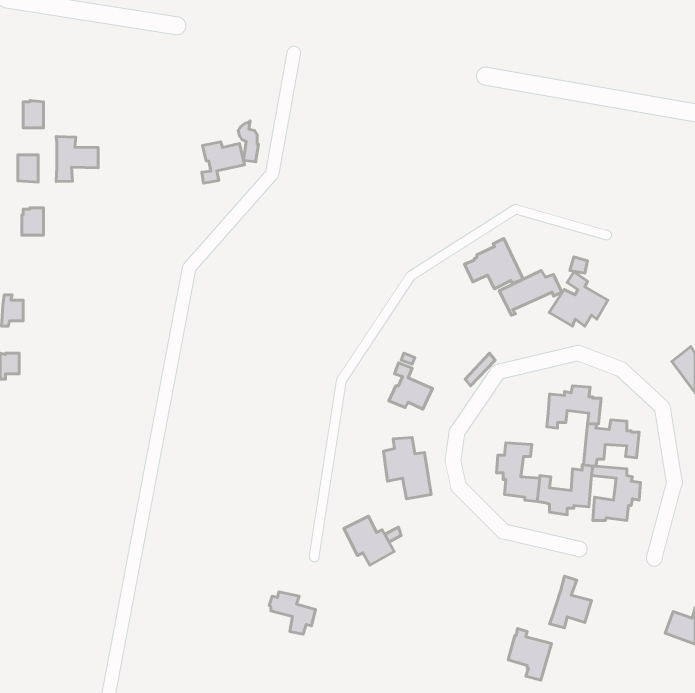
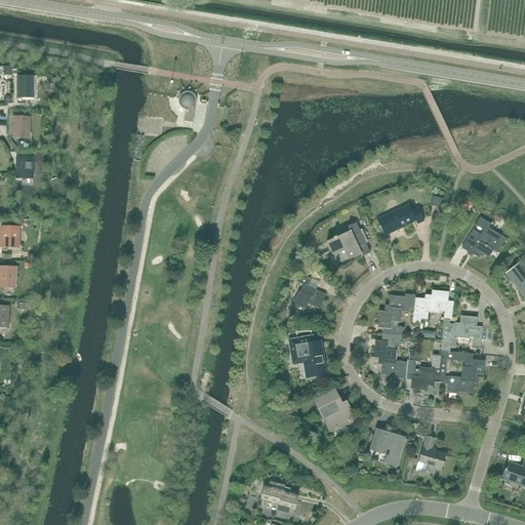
building: [56,137,98,182] -> none
building: [202,142,245,183] -> none
building: [465,238,523,289] -> [326,221,370,259]
building: [549,272,608,326] -> [461,216,506,257]
building: none -> [379,293,415,335]
building: [344,516,394,565] -> [316,392,354,429]
building: [269,592,316,634] -> [262,481,297,513]
building: [508,629,552,680] -> [371,426,404,465]

